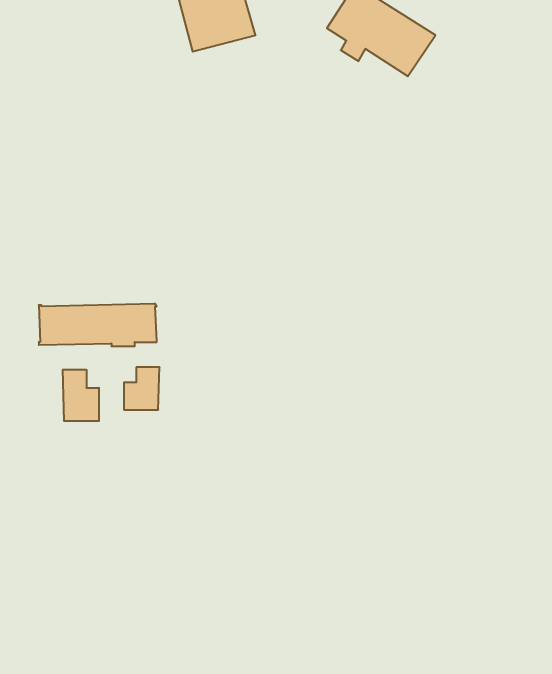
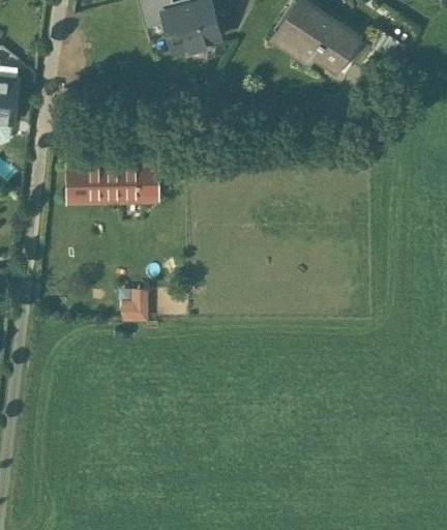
building: [39,304,157,346] -> [68,167,157,199]
building: [63,370,99,421] -> none

